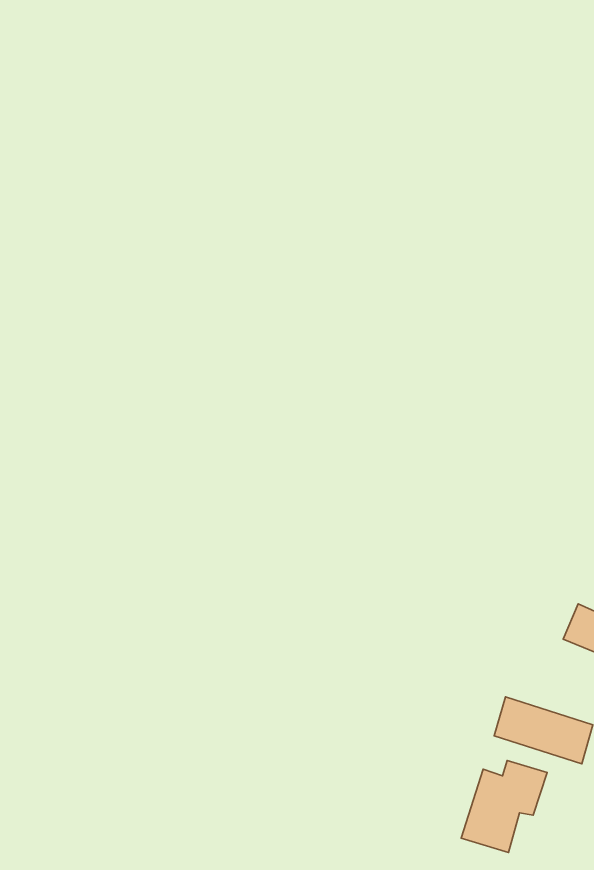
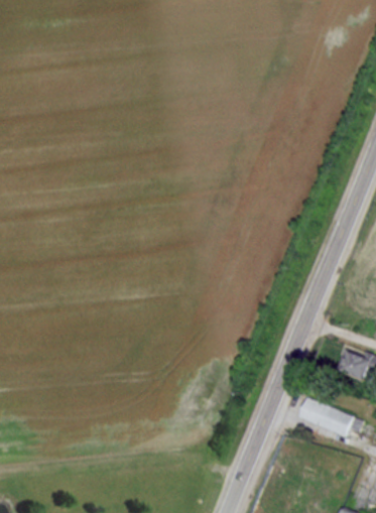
building: [461,761,547,853] -> none

